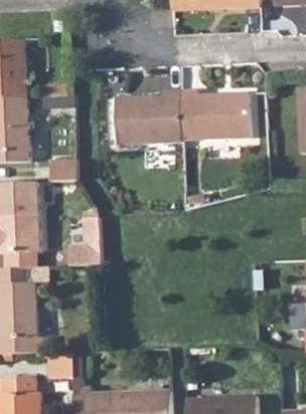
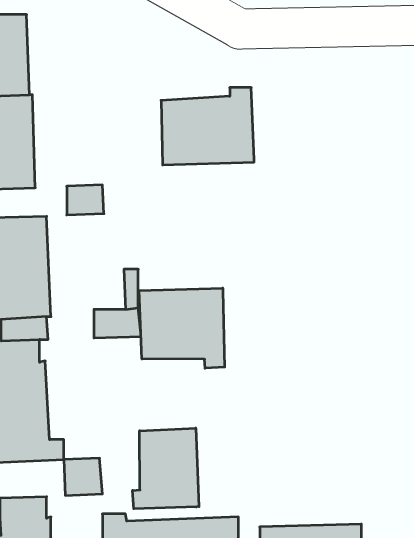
building: [179,88,248,140] -> none
building: none -> [139,288,225,368]
building: none -> [133,428,199,509]

